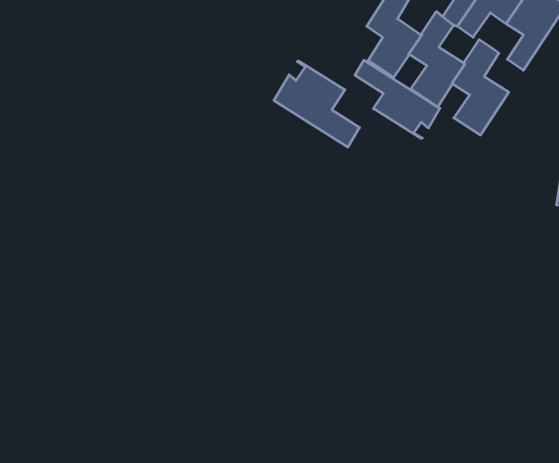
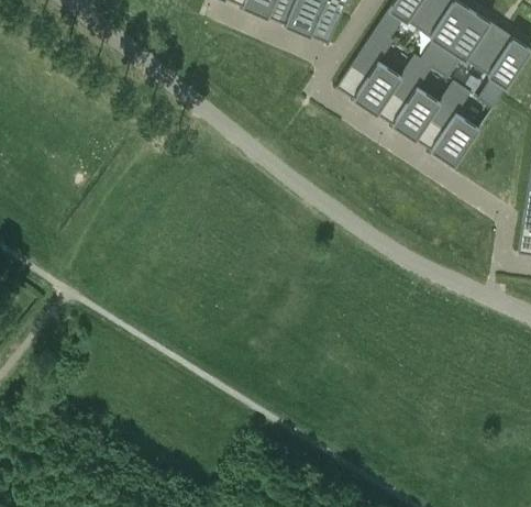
building: [355,60,440,138] -> none
building: [274,61,360,147] -> none

